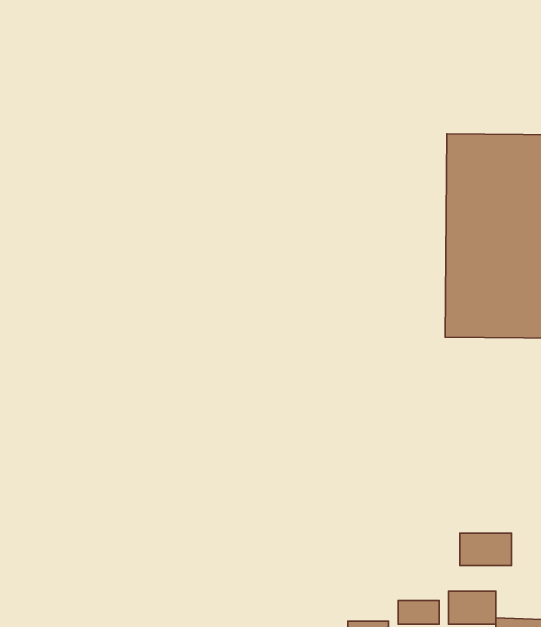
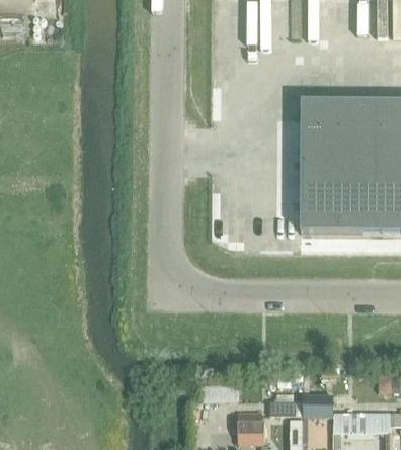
building: [460,533,512,565] -> none

